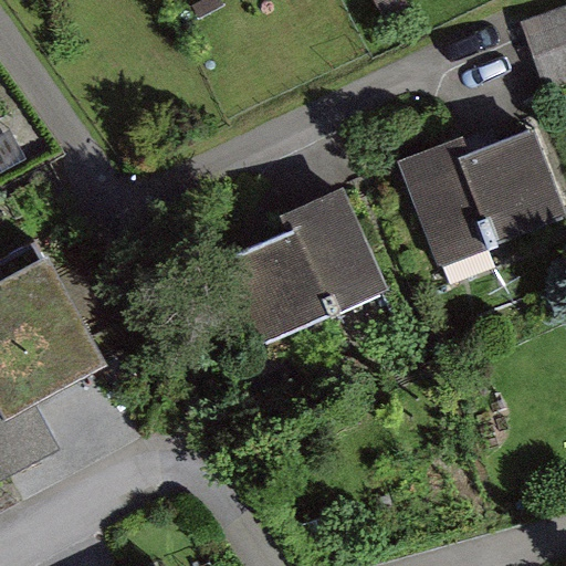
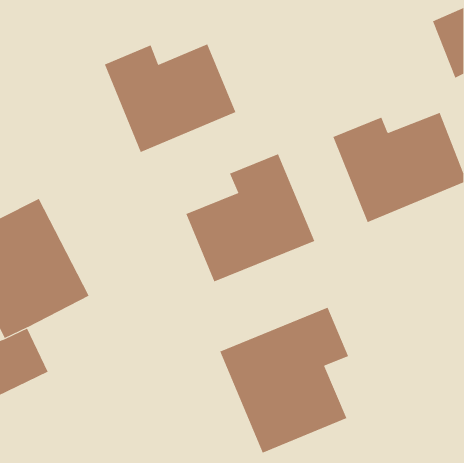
building: none -> [104,43,236,153]
building: none -> [219,307,349,453]

